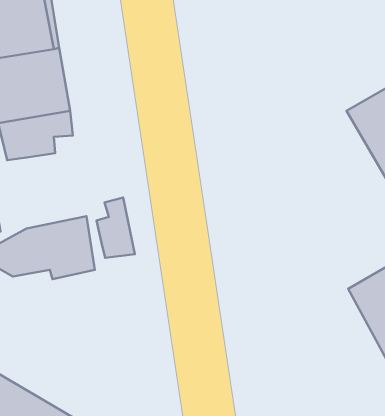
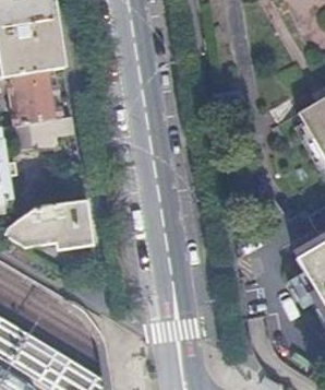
building: [96,197,135,258] -> none

